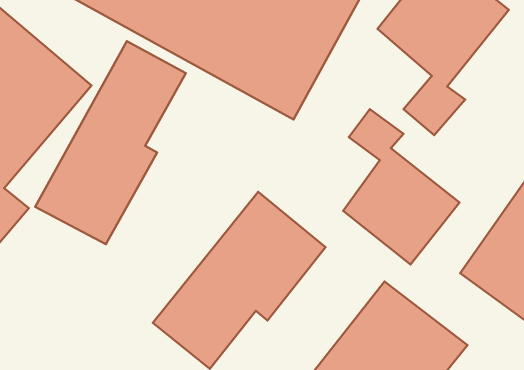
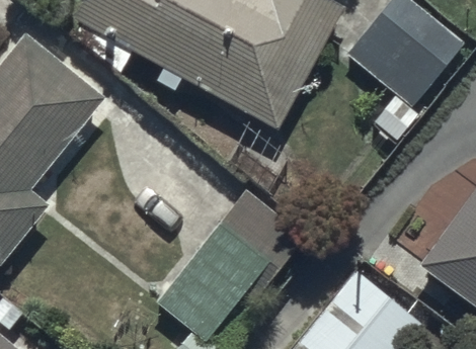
building: [35,41,186,244] -> none
building: [343,109,459,264] -> none

